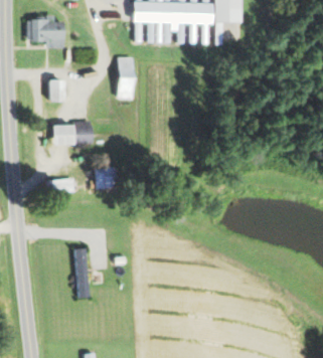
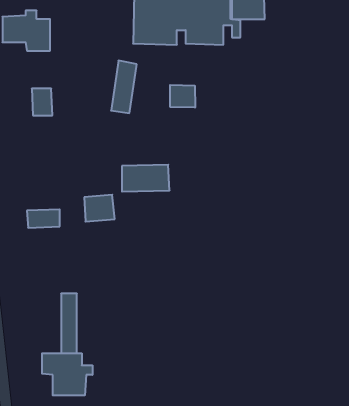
building: none -> [170,85,195,108]
building: [53,122,93,144] -> [122,165,170,192]
building: none -> [42,353,92,395]

